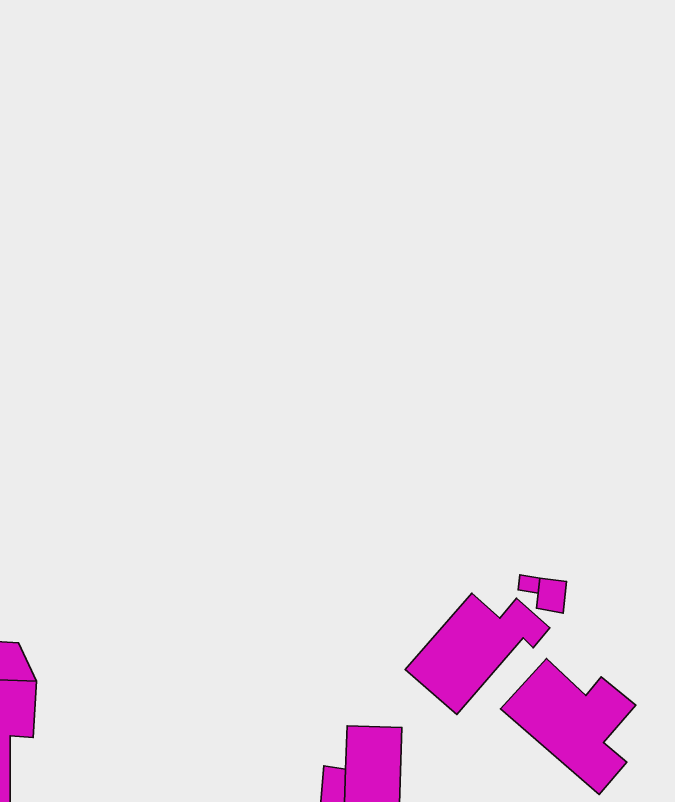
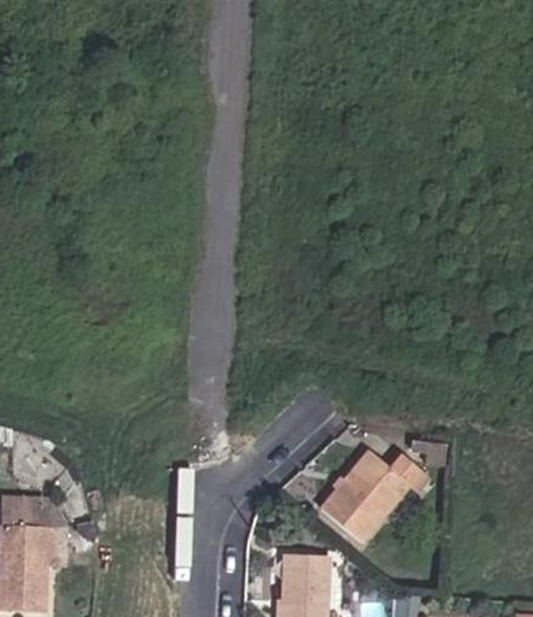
building: [501,658,636,794] -> none

